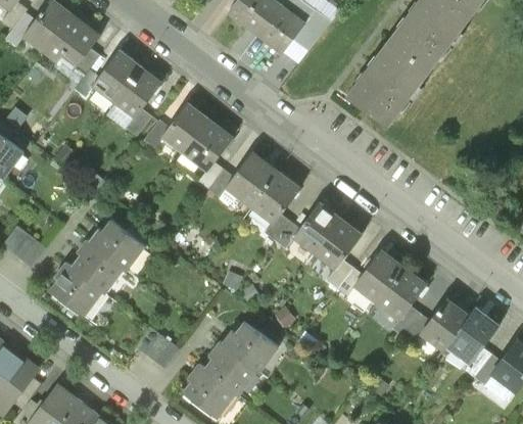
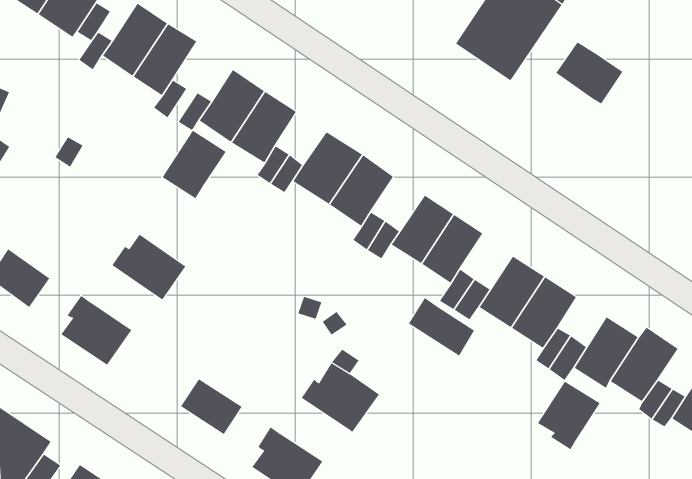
building: none -> [555,41,623,104]
building: none -> [162,130,227,199]
building: [73,238,123,291] -> none
building: none -> [408,297,475,357]
building: [204,343,255,395] -> none
building: none -> [537,381,600,450]

